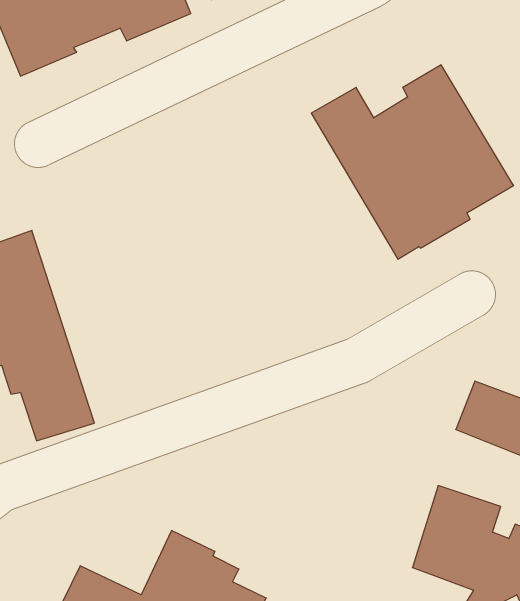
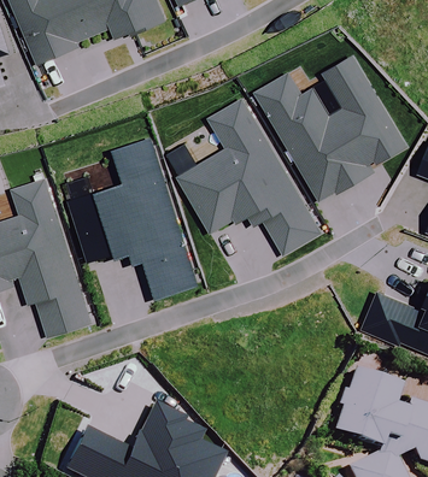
building: none -> [177,98,321,253]
building: none -> [70,136,199,296]

